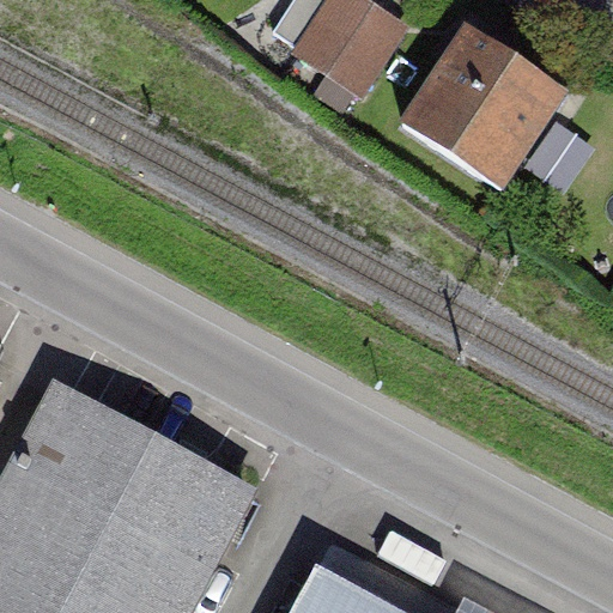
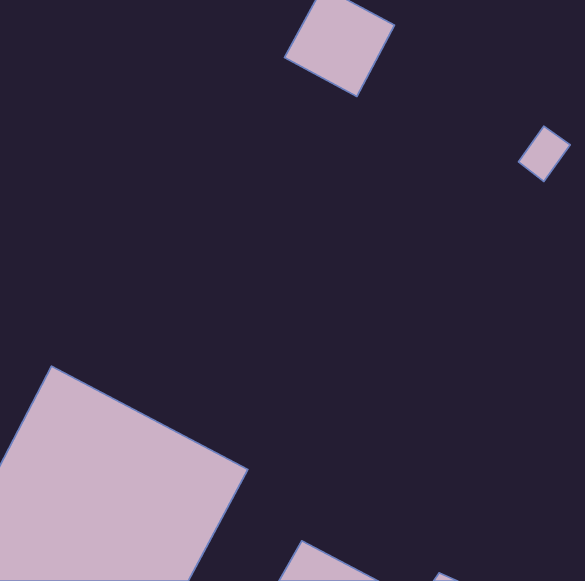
building: [397,25,563,187] -> none

